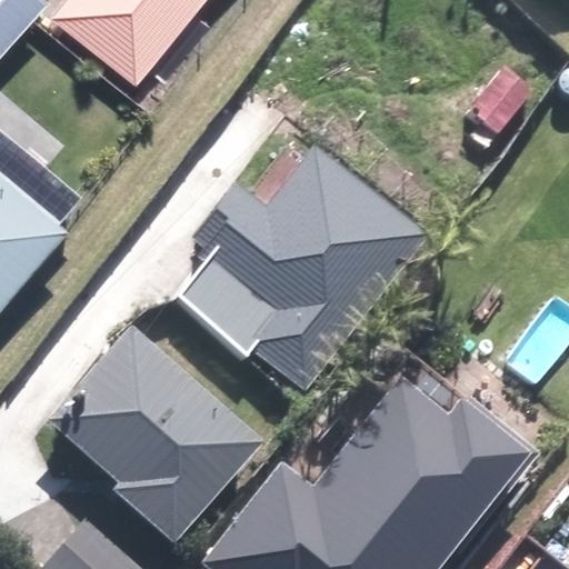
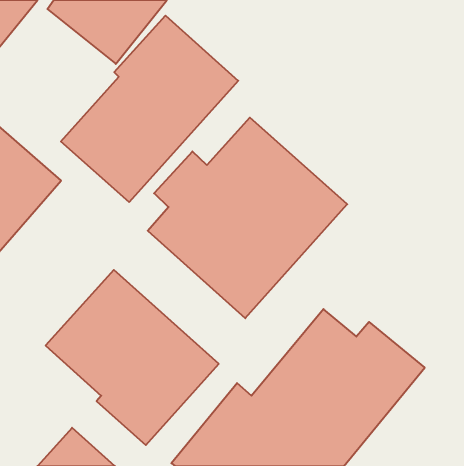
building: none -> [61,16,238,202]

